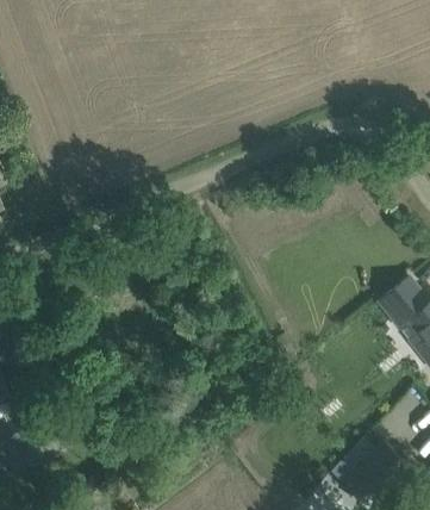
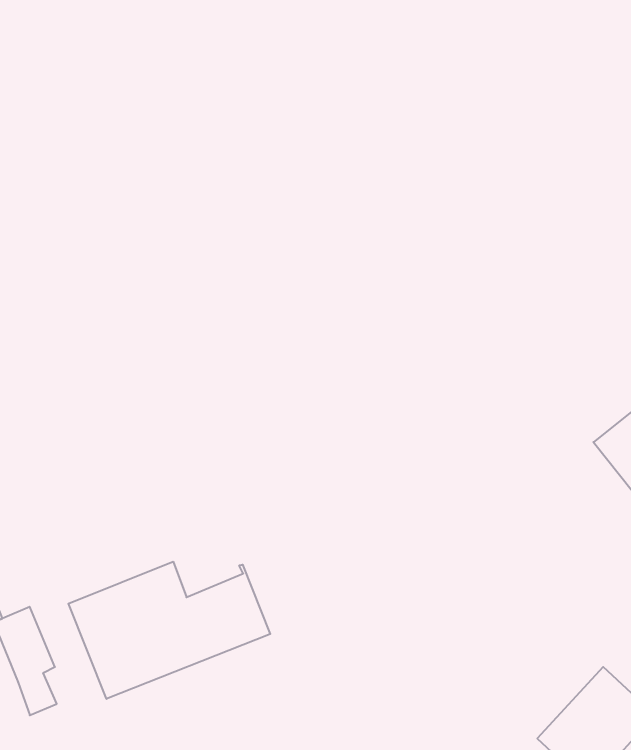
building: none -> [68,562,270,699]

